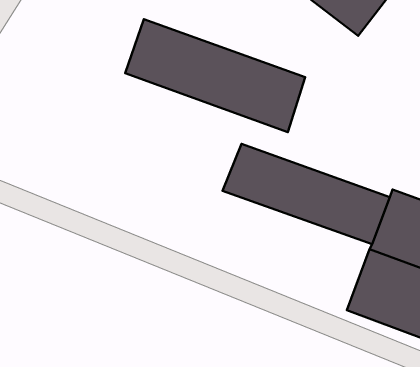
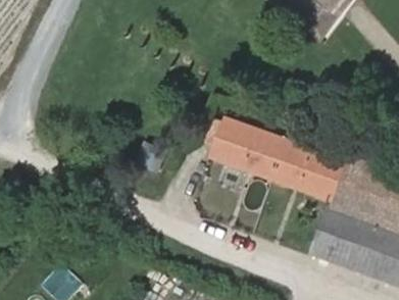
building: [125,19,305,132] -> none

